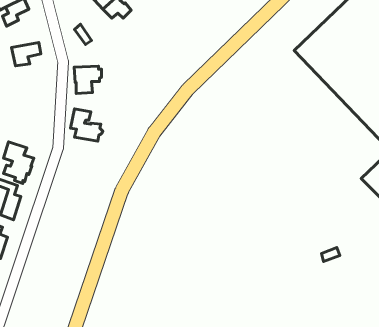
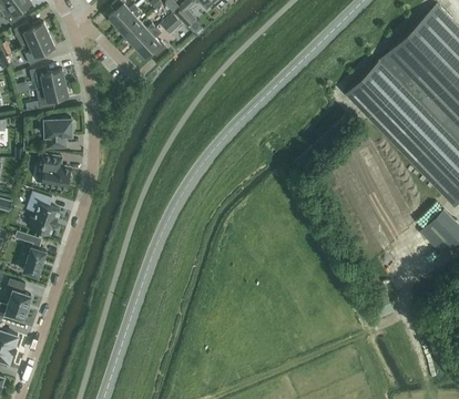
building: none -> [30,66,67,89]
building: [74,66,102,94] -> [45,119,75,149]
building: [70,109,103,141] -> [38,154,73,190]

